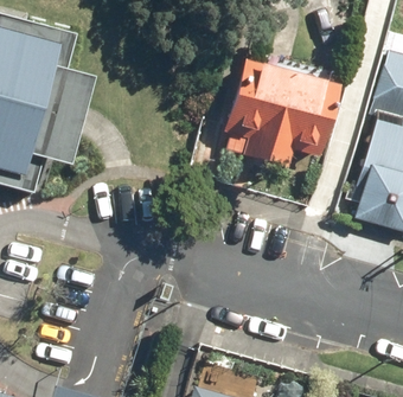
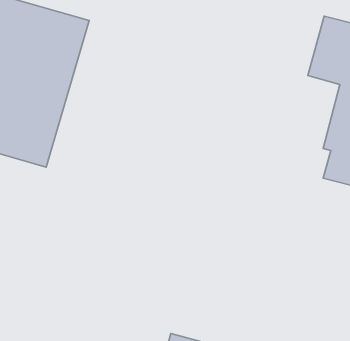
building: [223,59,339,167] -> none

